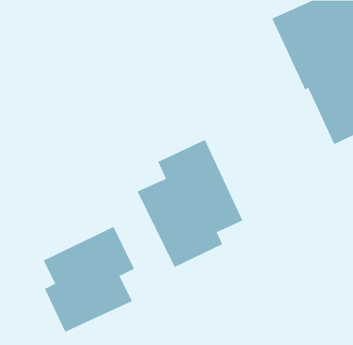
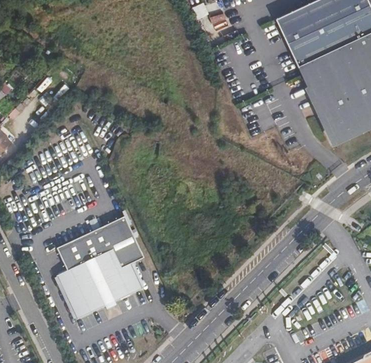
building: [137,139,243,268] -> none

